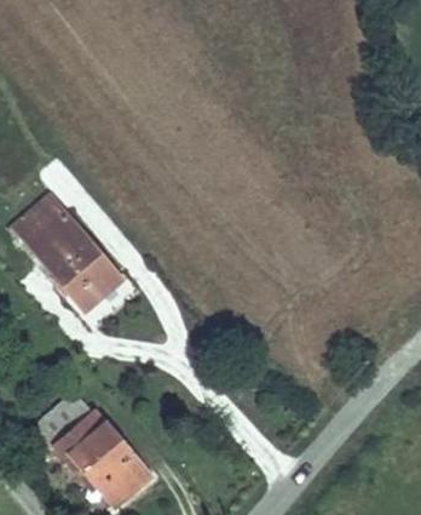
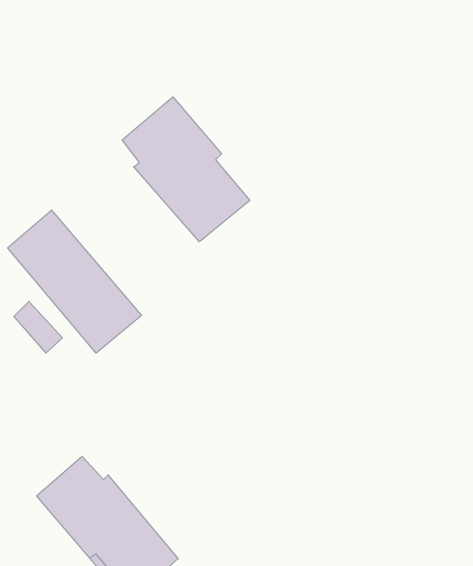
building: none -> [122,97,250,242]

